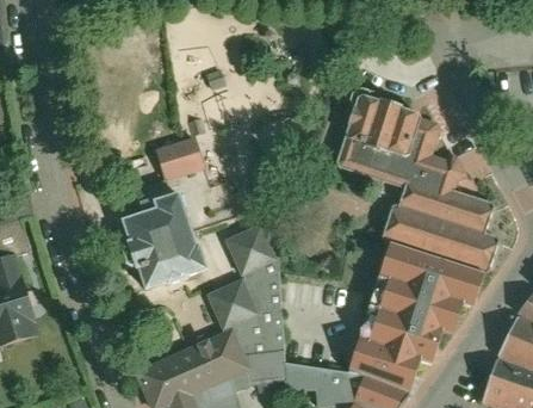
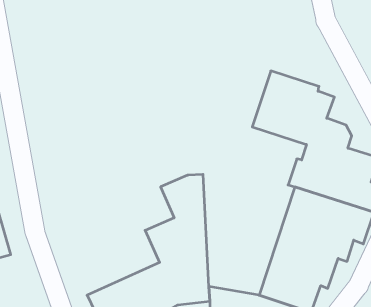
building: [144,136,199,183] -> none
building: [123,192,210,289] -> none

